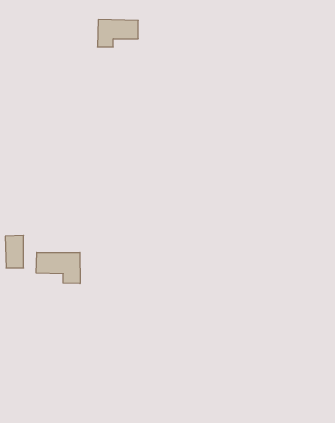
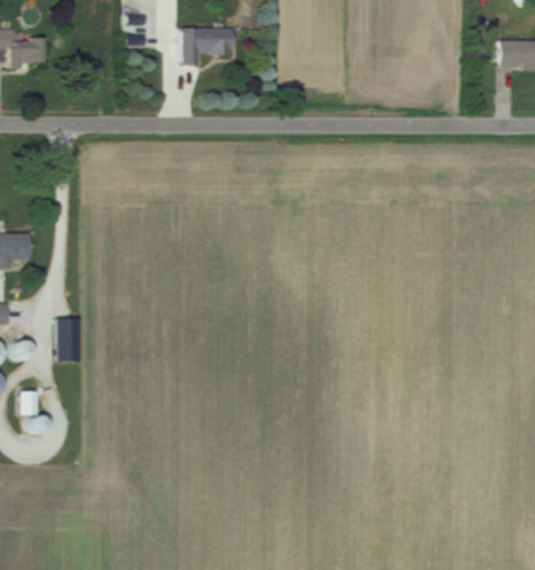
building: [36,252,80,284] -> none

